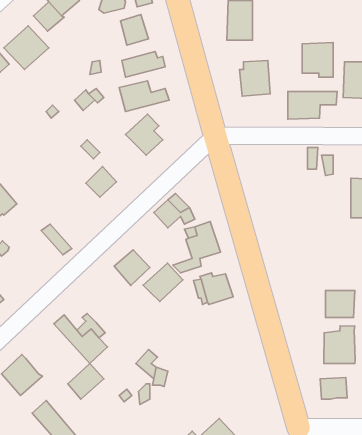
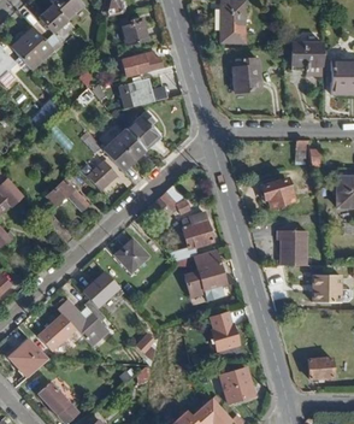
building: [288,91,337,119] -> none
building: none -> [104,129,144,169]
building: none -> [46,177,89,210]
building: none -> [261,178,294,208]
building: none -> [277,230,307,265]
building: [143,263,183,302] -> [82,270,119,306]
building: none -> [207,308,241,355]
building: [324,326,355,363] -> none
building: [68,363,104,399] -> [31,320,65,354]
building: none -> [219,365,254,402]

